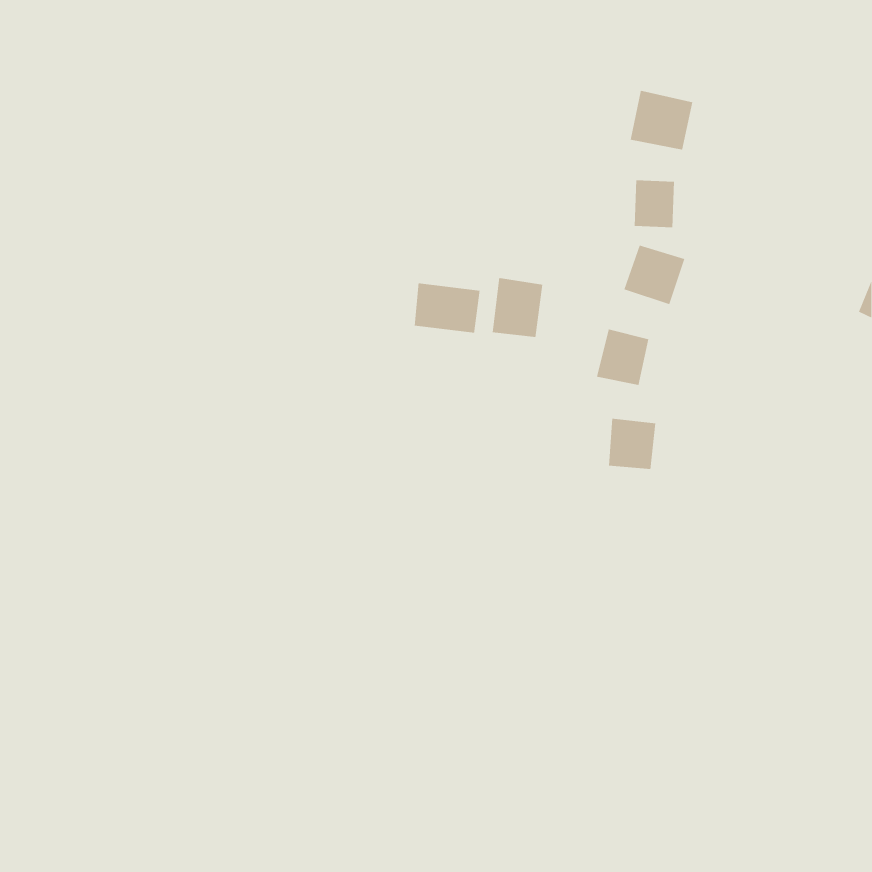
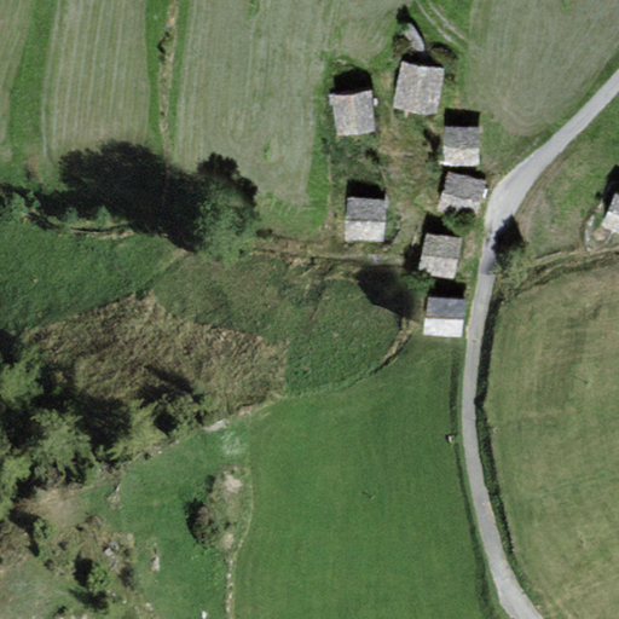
building: [630,90,693,150] -> [397,64,441,106]
building: none -> [335,91,371,129]
building: [414,282,480,333] -> none

